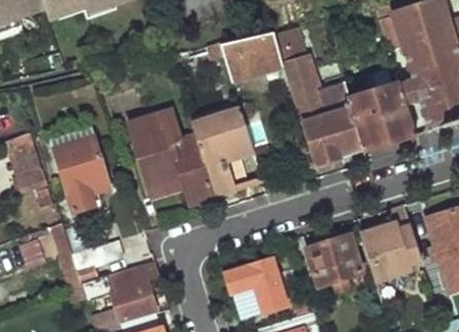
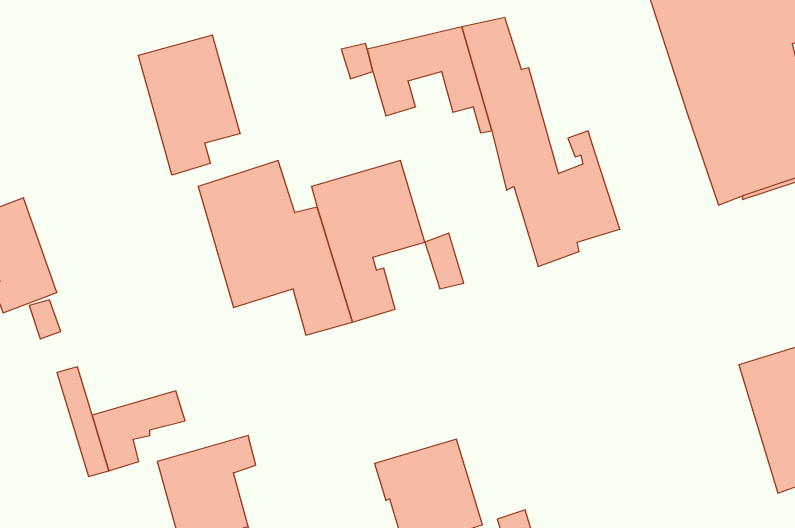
building: [346,81,415,152] -> none
building: [54,132,110,209] -> [138,35,240,174]
building: [361,206,421,281] -> none
building: [306,235,359,286] -> none

